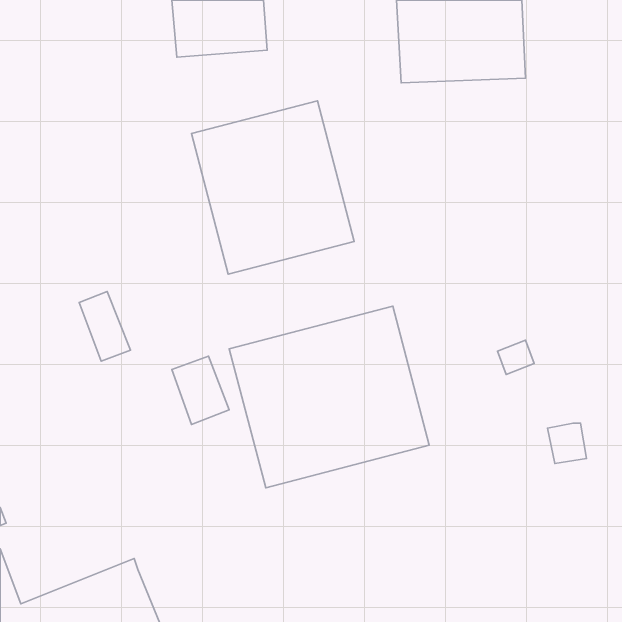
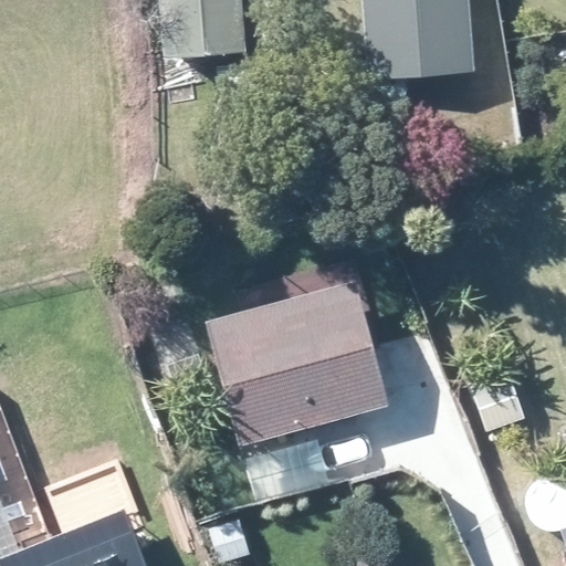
building: [191,101,354,274] -> none

